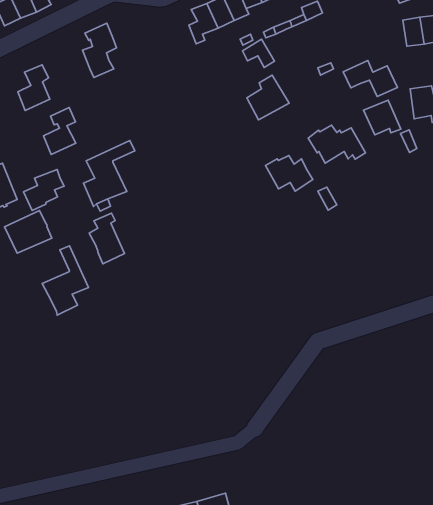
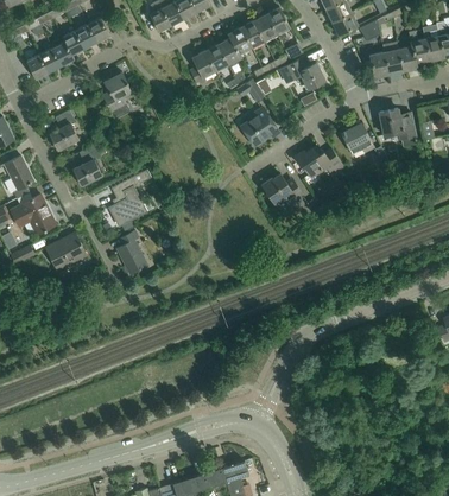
building: [343,60,397,96] -> [278,59,324,89]
building: [24,170,64,210] -> none
building: [42,246,88,315] -> none

